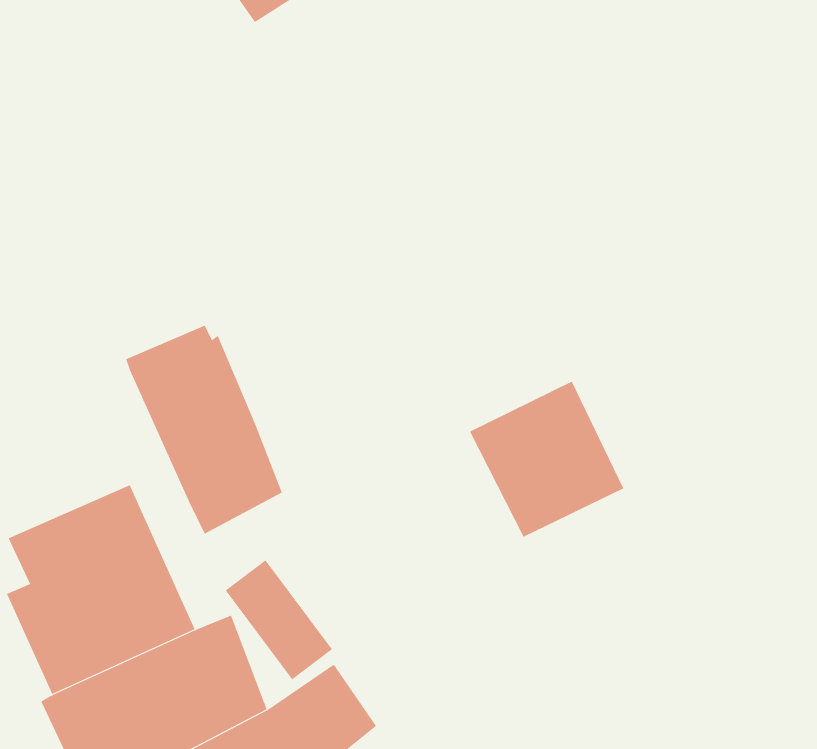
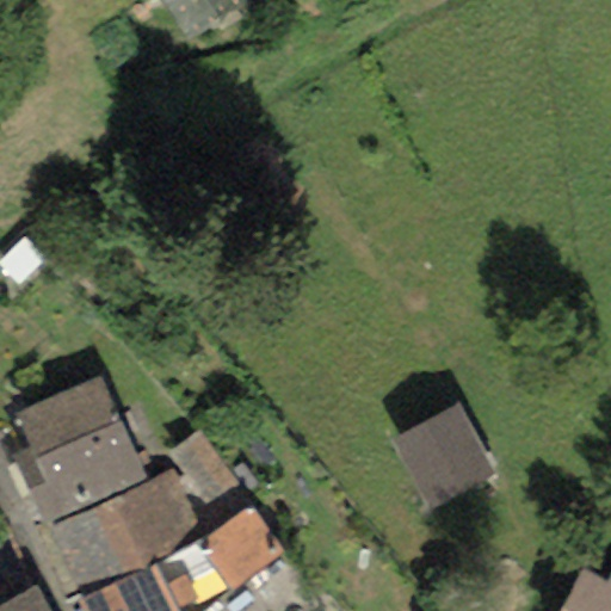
building: [125,325,282,534] -> none
building: [469,381,624,538] -> [384,399,498,513]

